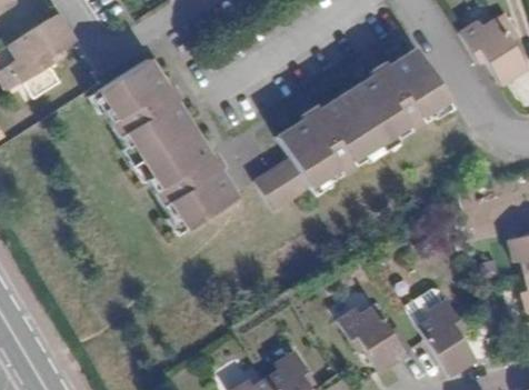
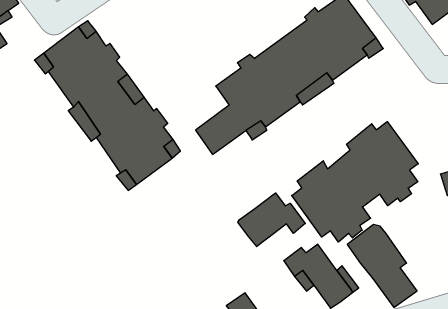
building: none -> [292,122,418,242]
building: none -> [238,193,305,247]

